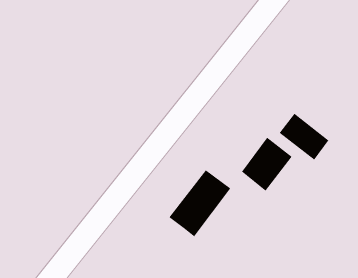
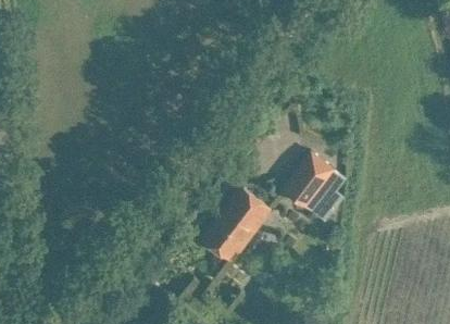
building: [279,113,329,160] -> none

